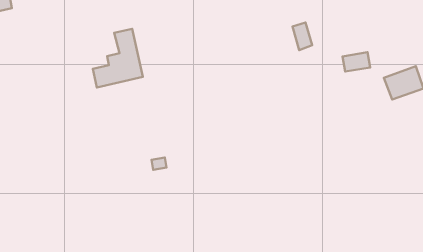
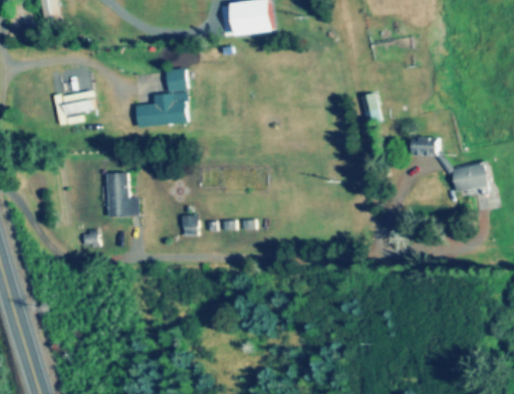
building: none -> [55,70,92,115]
building: none -> [105,172,139,216]

